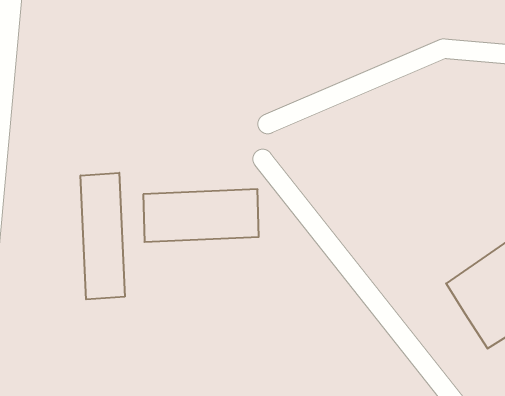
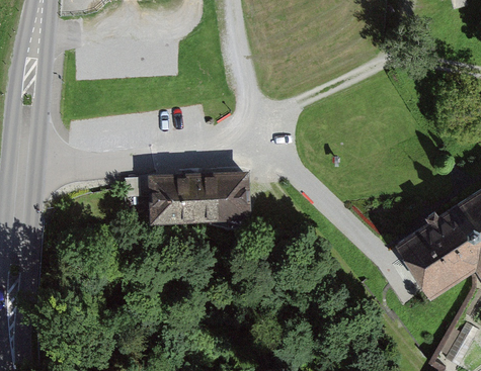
building: [81,173,125,299] -> none

